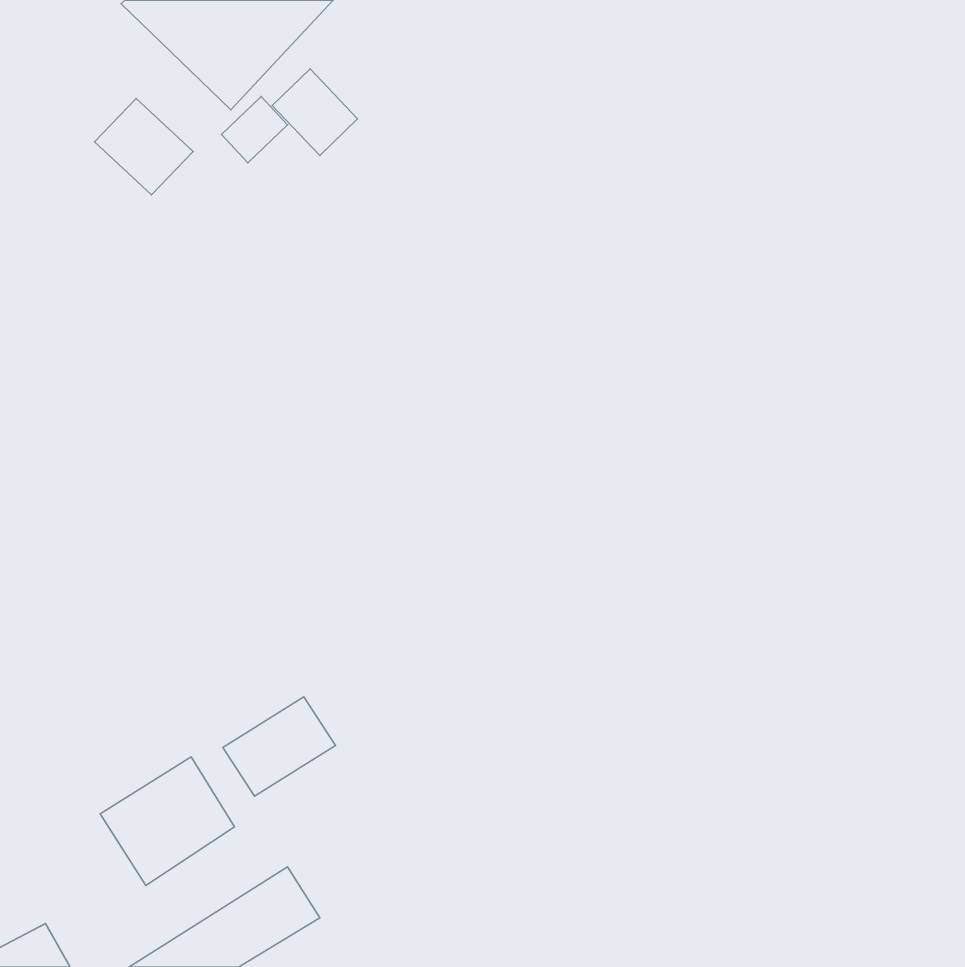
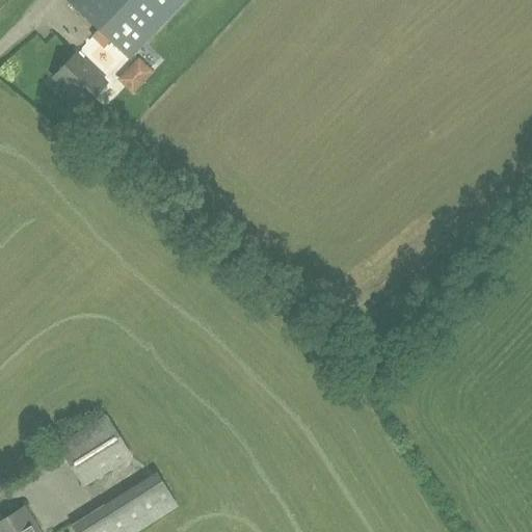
building: [272,69,358,156] -> none
building: [223,697,335,796] -> none

